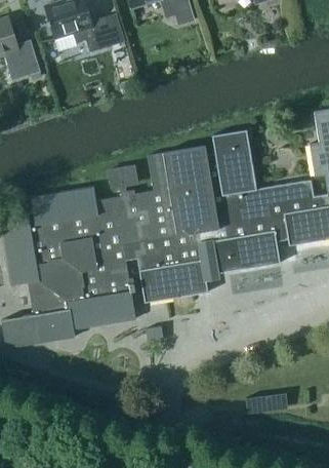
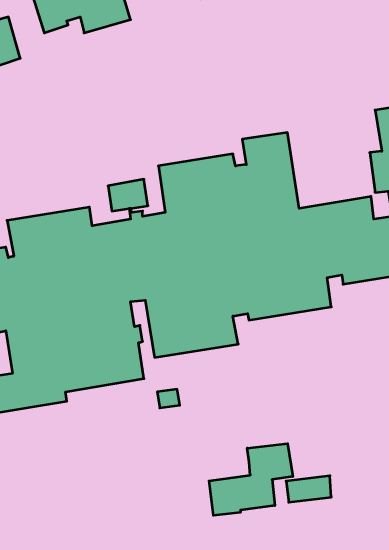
building: none -> [209,444,293,515]

